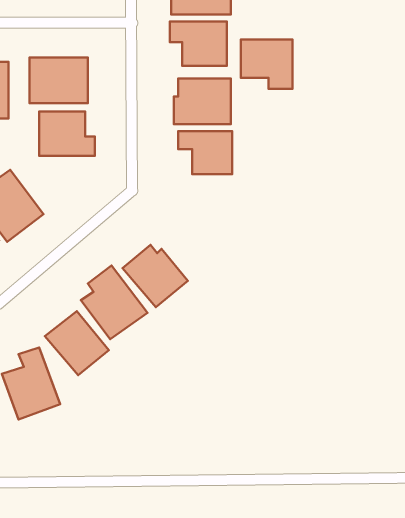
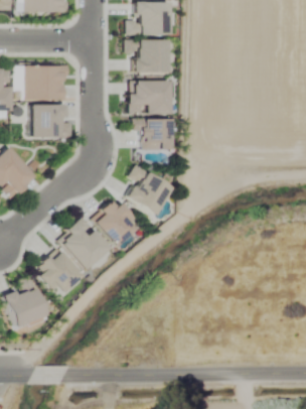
building: [241,40,293,89] -> none
building: none -> [127,166,173,217]

